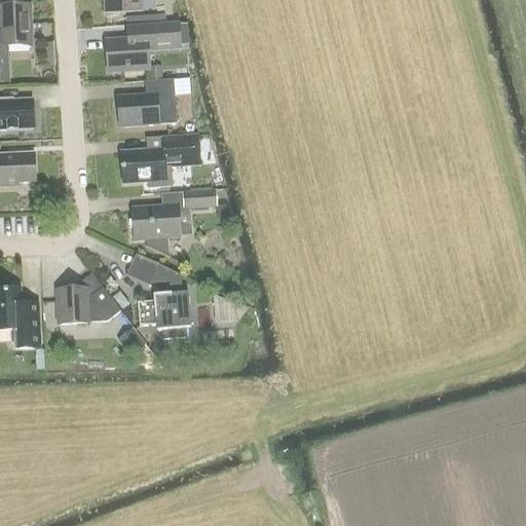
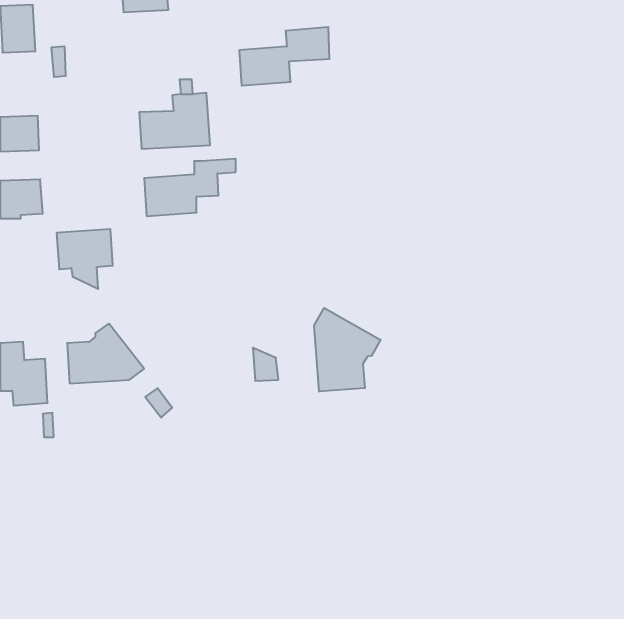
building: [106,21,182,70] -> [239,27,330,86]
building: [183,188,217,208] -> none
building: [133,204,180,255] -> [57,229,113,289]
building: [126,252,191,338] -> none
building: none -> [314,308,381,392]

